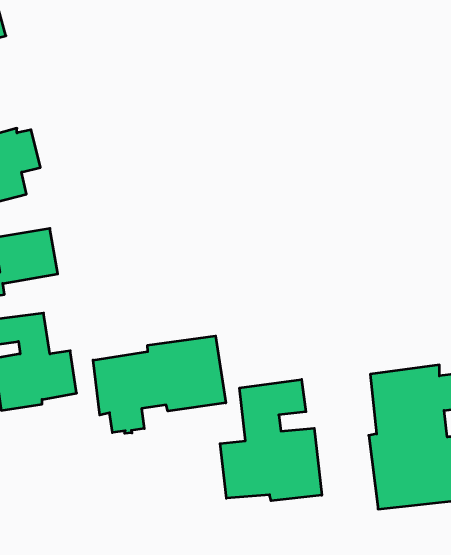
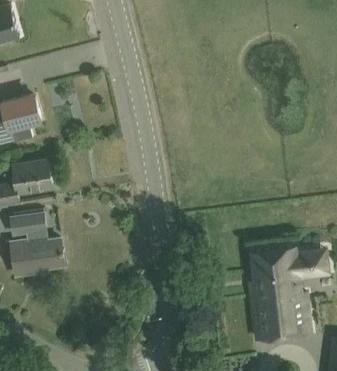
building: [93,336,226,433] -> none
building: [220,379,322,501] -> none

